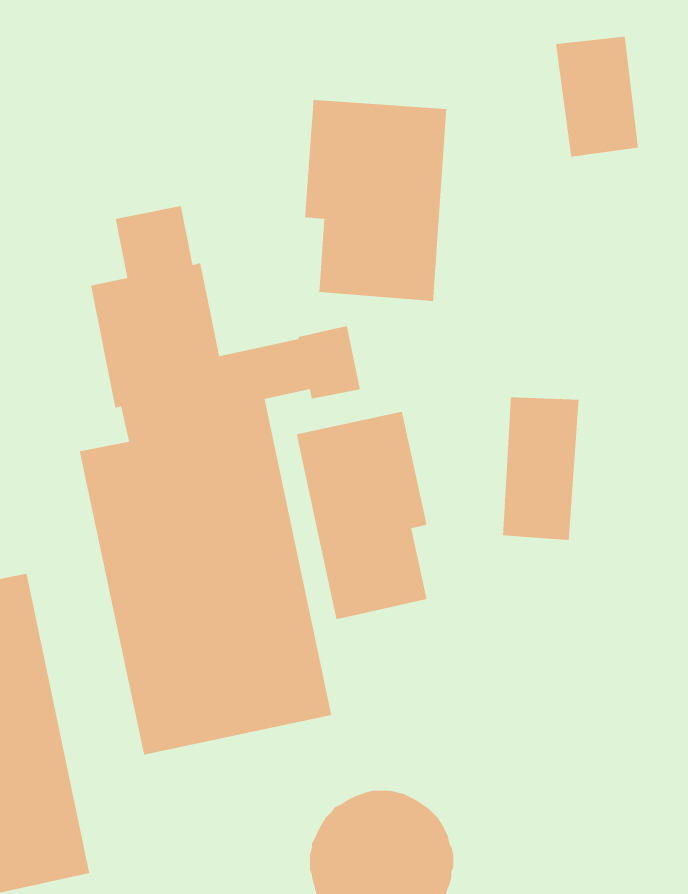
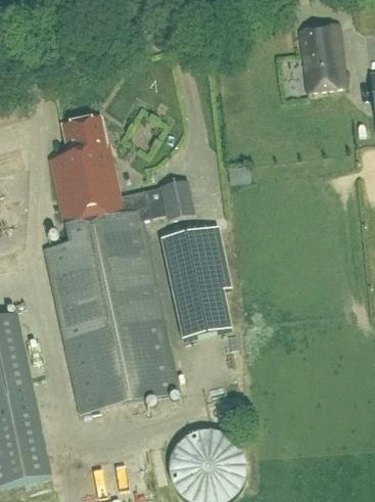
building: [304,99,447,302] -> none
building: [502,397,579,541] -> none

